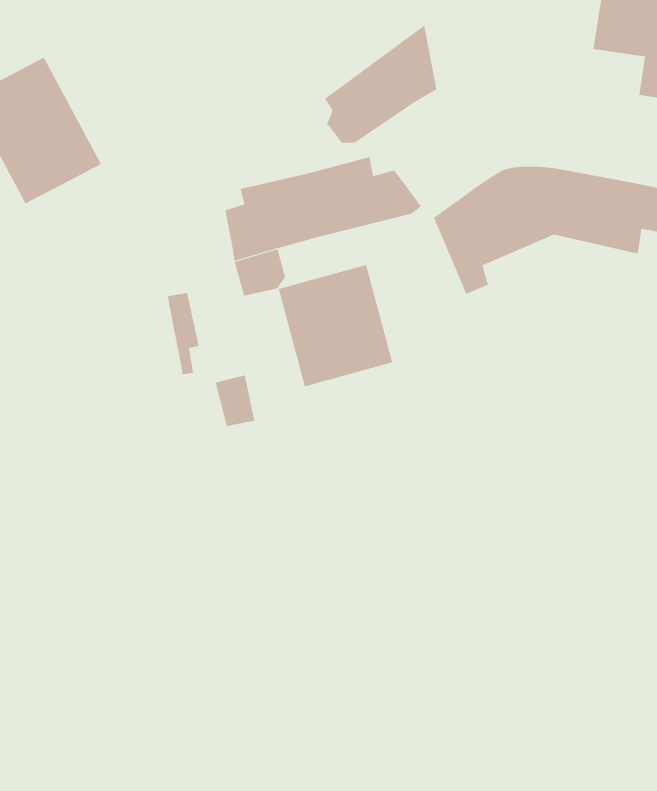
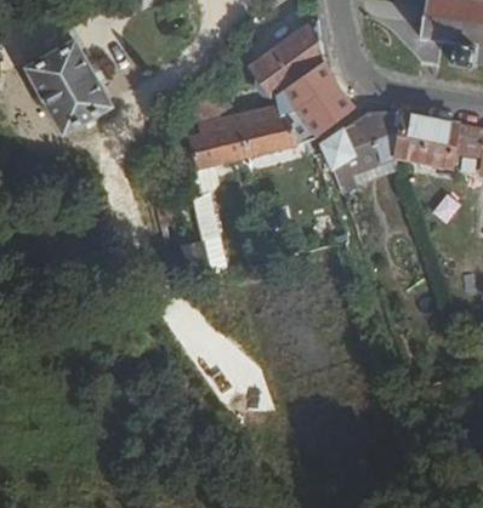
building: none -> [279,70,345,136]
building: [278,264,393,387] -> none

